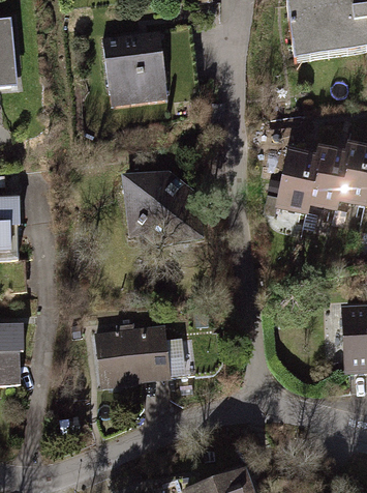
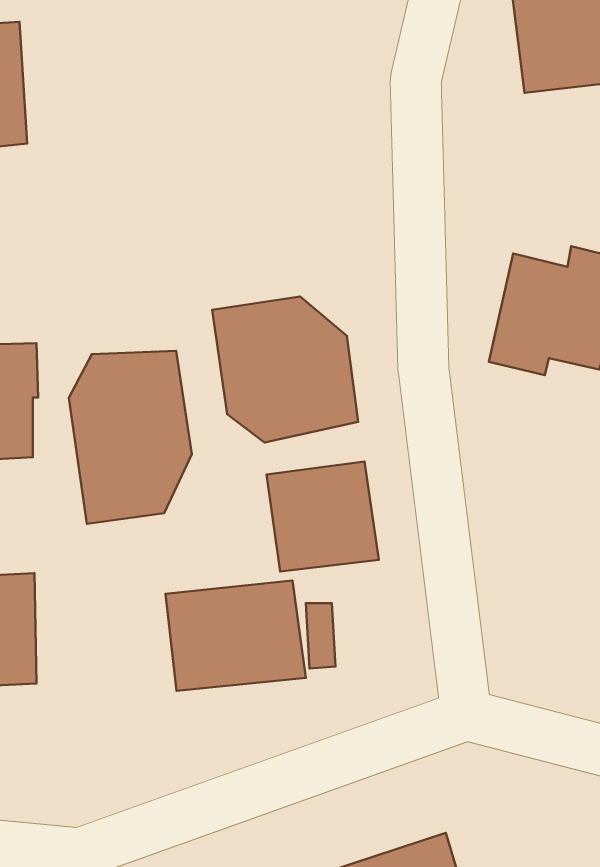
building: [101,31,167,105] -> none
building: none -> [69,351,192,524]
building: none -> [266,461,379,571]

